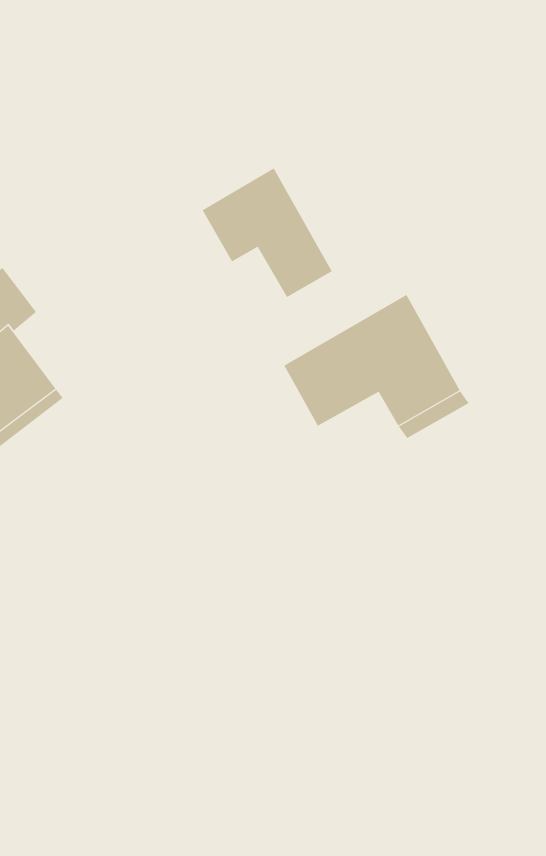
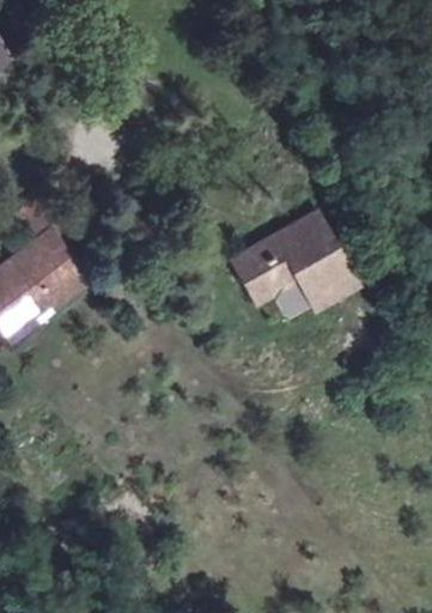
building: [202,167,332,298] -> none

